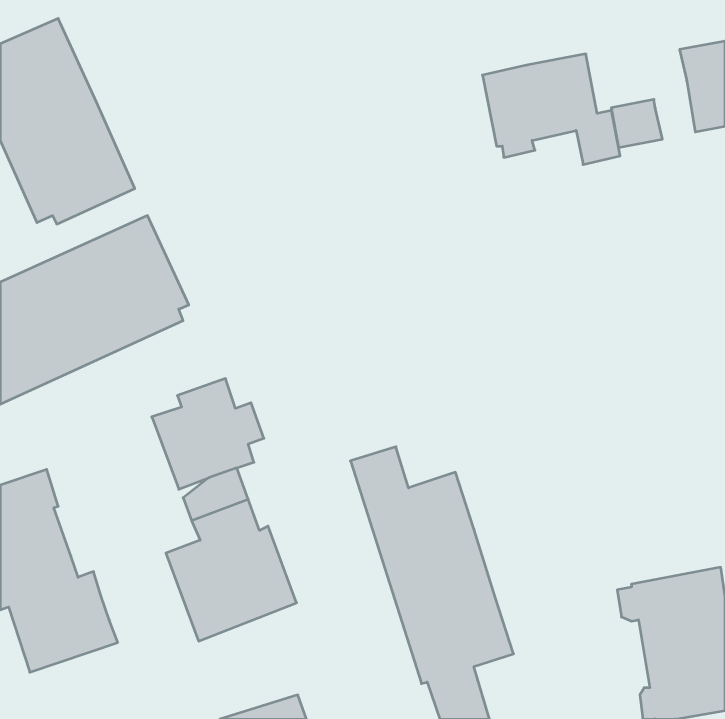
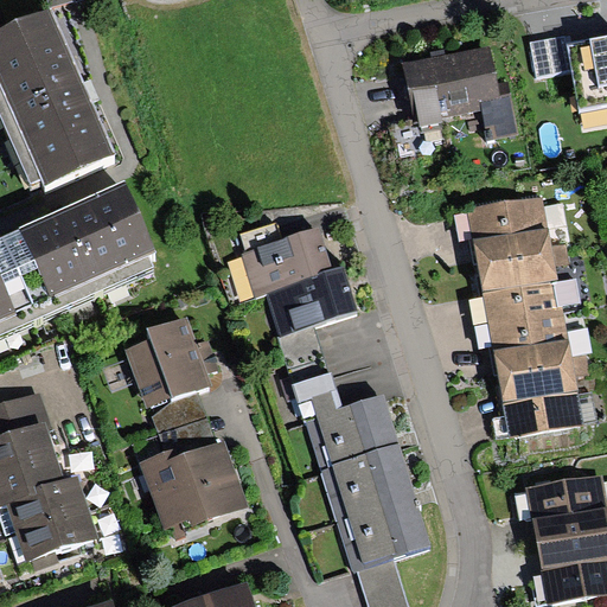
building: [611,99,662,148] -> [531,34,574,75]
building: none -> [466,191,586,435]
building: none -> [241,229,356,365]

